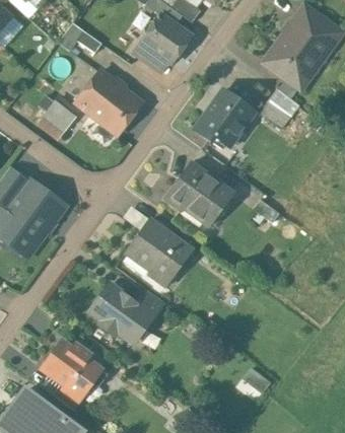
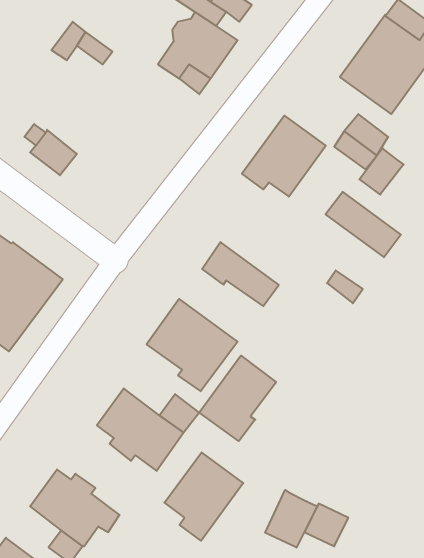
building: [76,70,141,134] -> none
building: none -> [359,148,404,195]
building: [179,162,232,209] -> [326,192,401,257]
building: none -> [199,356,276,441]
building: none -> [164,452,243,541]
building: none -> [265,490,317,548]

